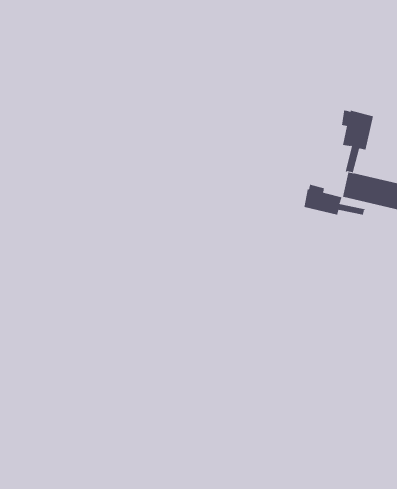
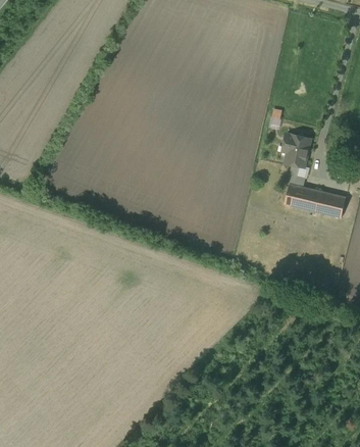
building: [304,184,366,215] -> none

